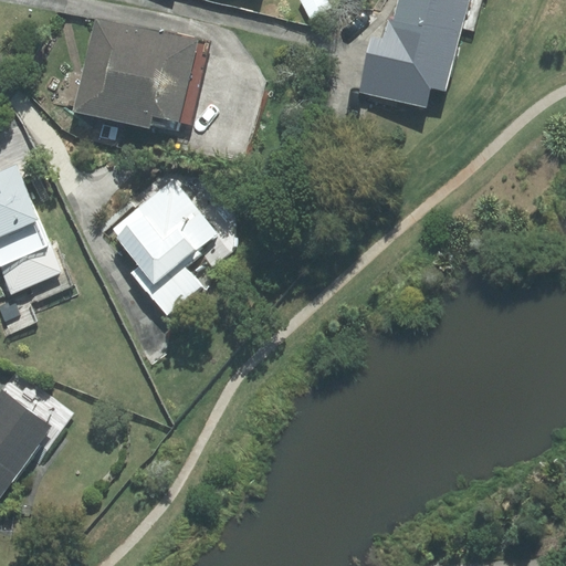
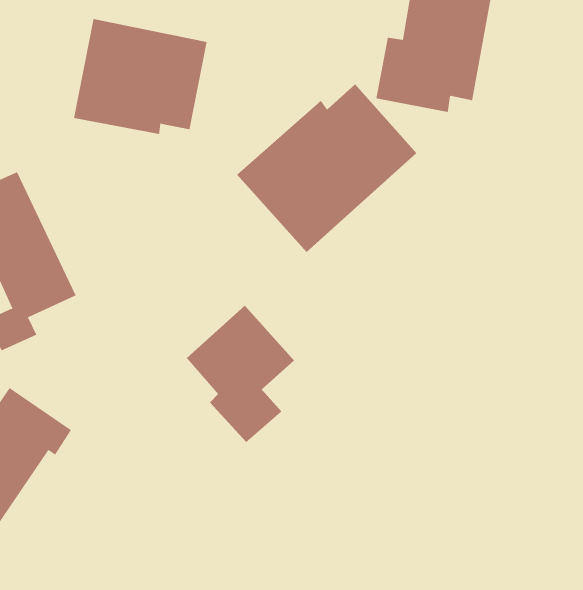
building: none -> [236,84,417,253]
building: [108,179,212,311] -> [186,305,295,443]

